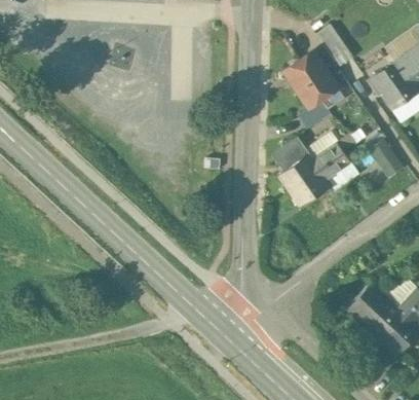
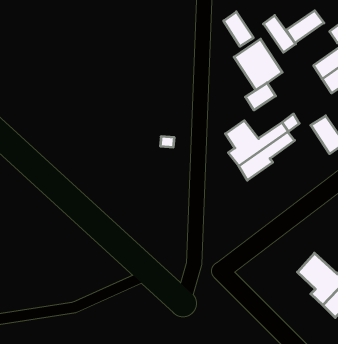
building: none -> [286,11,324,43]
building: none -> [224,12,253,46]

